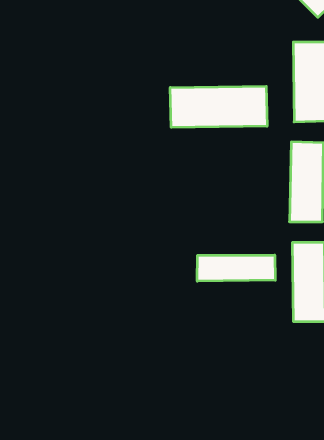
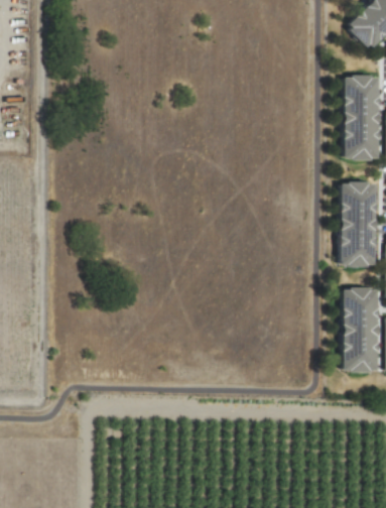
building: [170,86,267,127] -> none
building: [197,255,275,281] -> none

